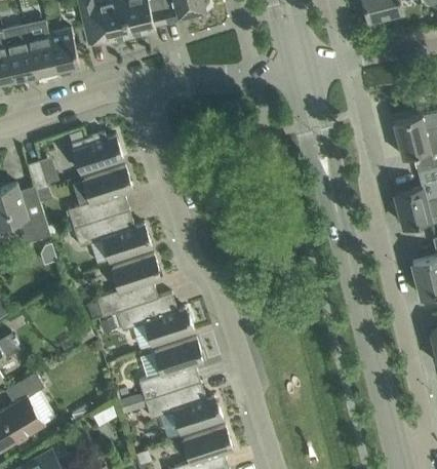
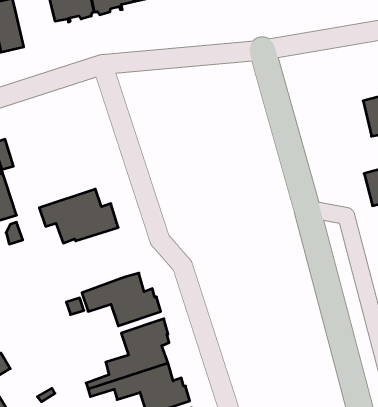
building: [50,29,79,70] -> none
building: [72,133,123,173] -> none
building: [68,167,133,229] -> none
building: [86,256,160,318] -> none

